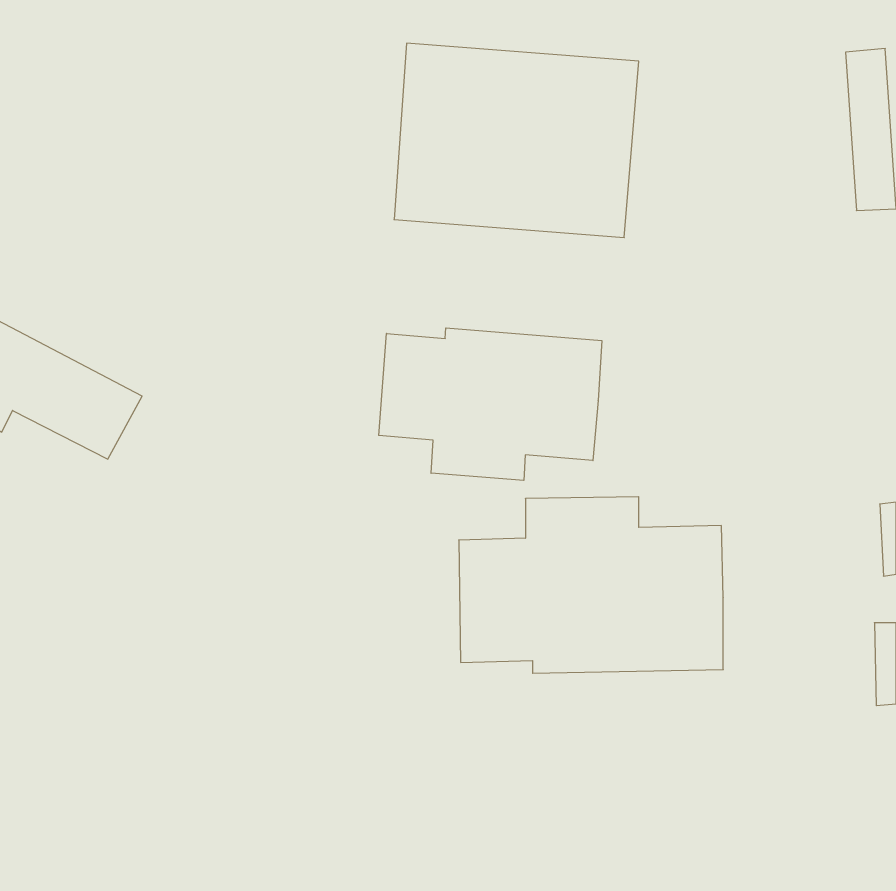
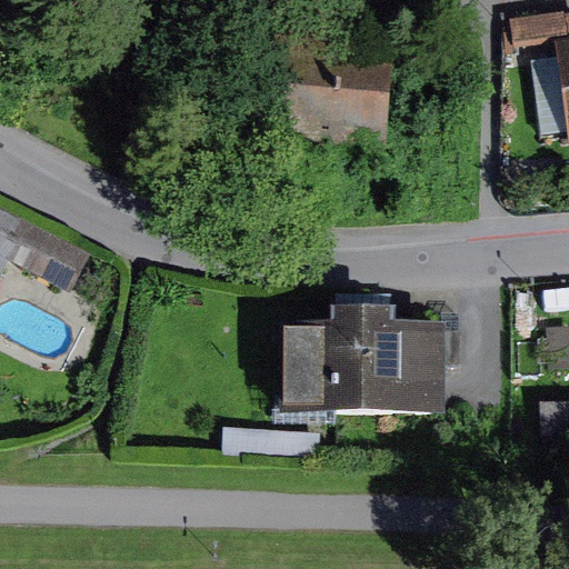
building: [379,328,602,480] -> none

